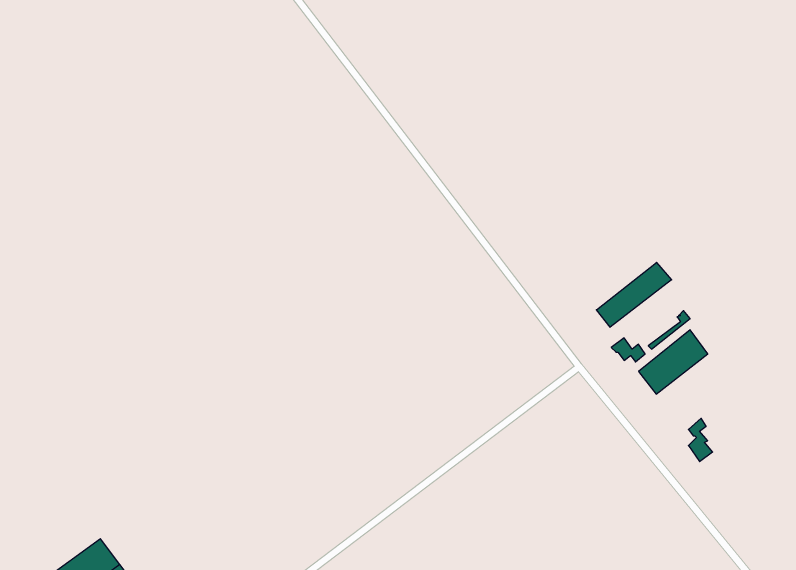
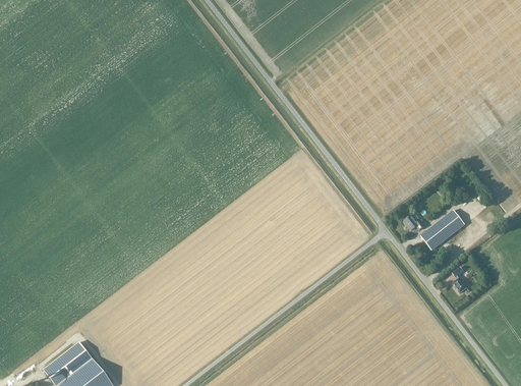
building: [596,262,672,327] -> none

